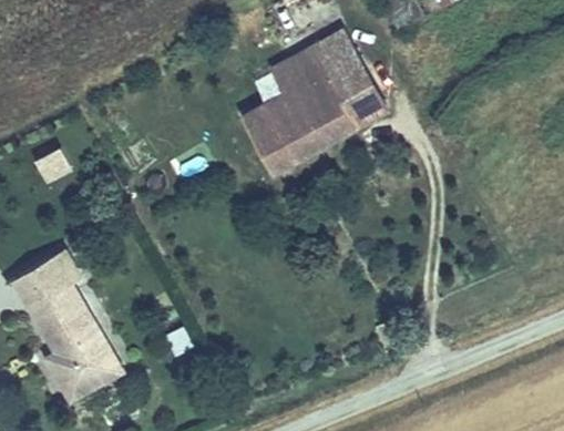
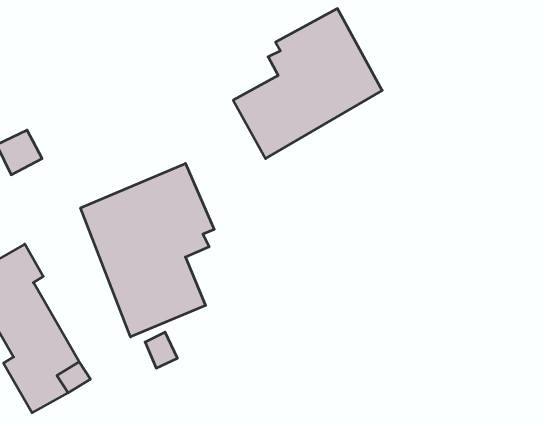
building: none -> [81,163,214,337]

